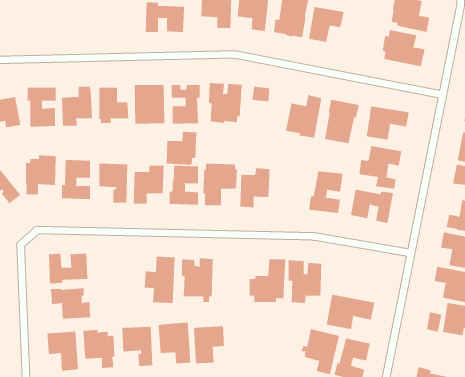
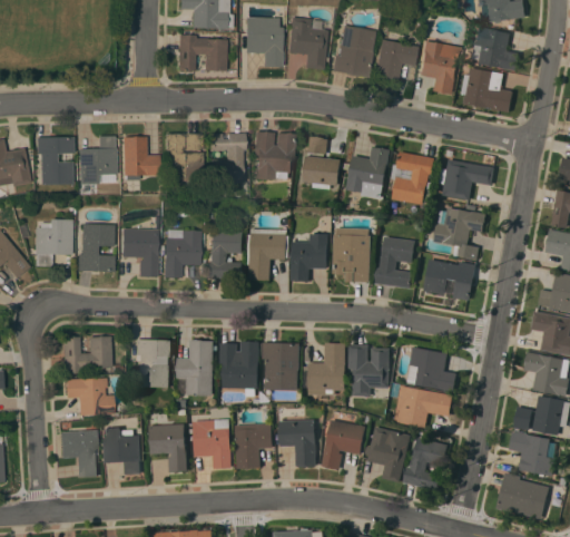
building: none -> [419,41,460,95]
building: none -> [303,156,341,189]
building: [166,131,197,166] -> none
building: none -> [332,228,371,283]
building: none -> [135,339,171,388]
building: none -> [263,342,299,391]
building: none -> [406,348,456,392]
building: none -> [322,411,367,470]
building: none -> [278,420,316,467]
building: none -> [509,432,556,477]

